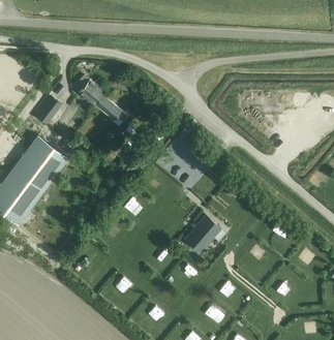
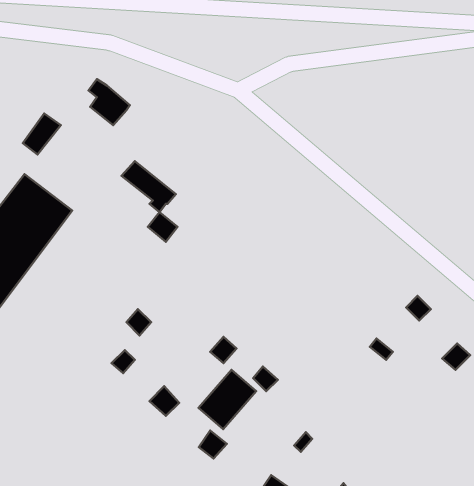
building: [94,95,128,127] -> [122,161,176,212]
building: [185,216,221,253] -> [199,370,256,429]

